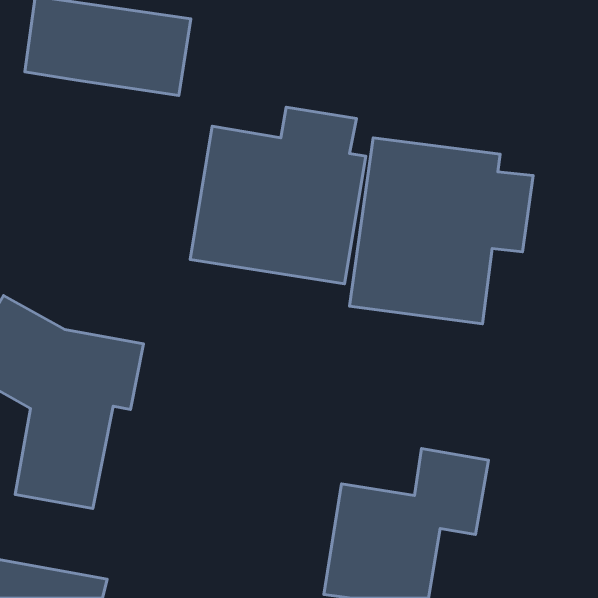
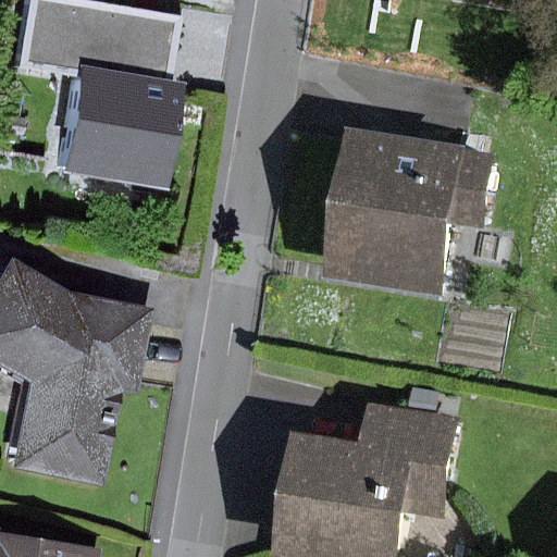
building: none -> [55,74,174,182]
building: [190,107,366,284] -> none

